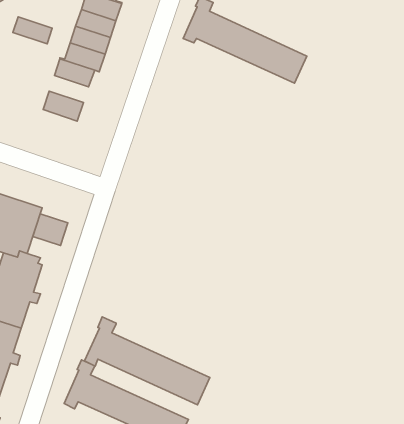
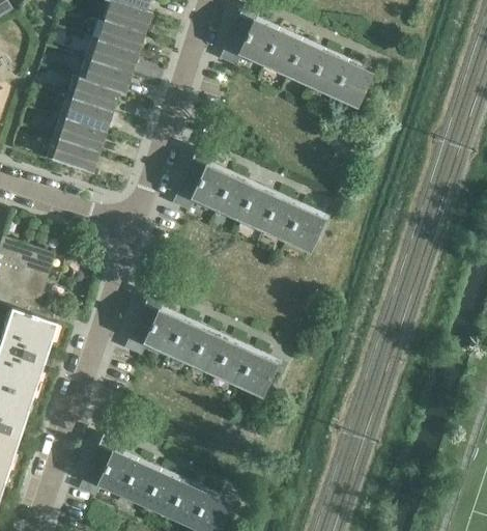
building: [13,17,52,44] -> [65,96,112,129]
building: none -> [51,137,98,171]
building: none -> [175,147,323,251]
building: [33,214,68,246] -> none
building: [85,317,210,405] -> [128,291,277,395]

